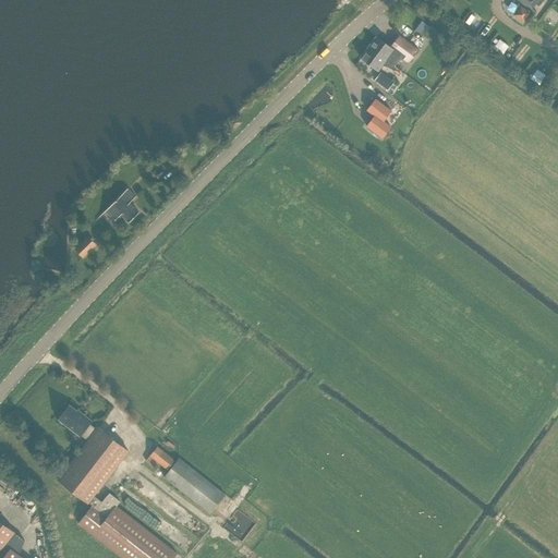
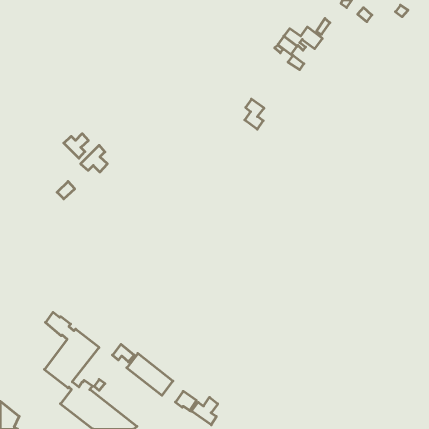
building: [366,101,391,141] -> [245,99,264,129]
building: none -> [64,134,88,158]
building: none -> [191,397,218,425]

